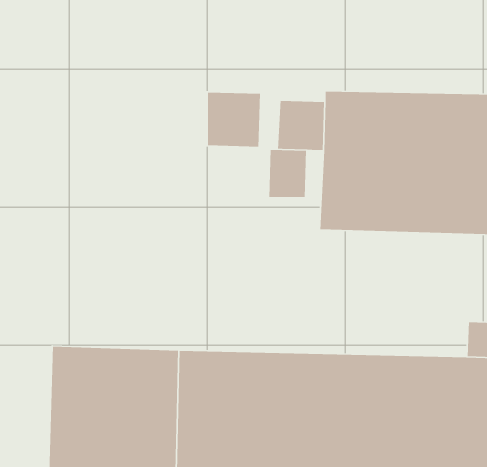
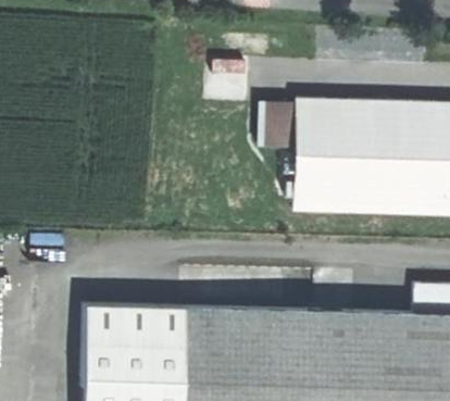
building: [207,92,261,147] -> none
building: [268,149,307,198] -> none

